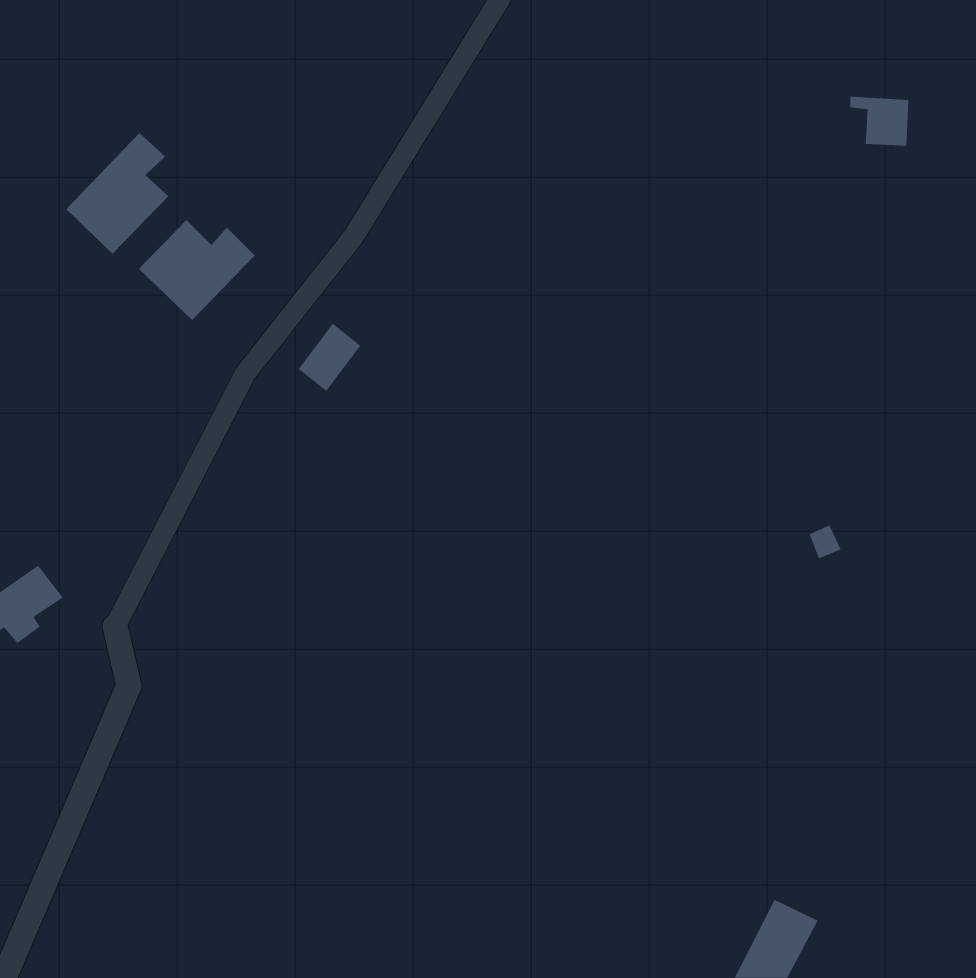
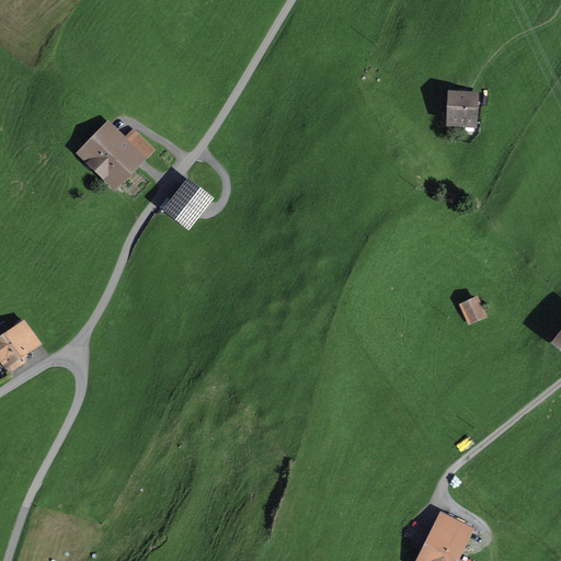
building: [850,96,909,146] -> [438,91,472,119]
building: [66,132,169,255] -> none

